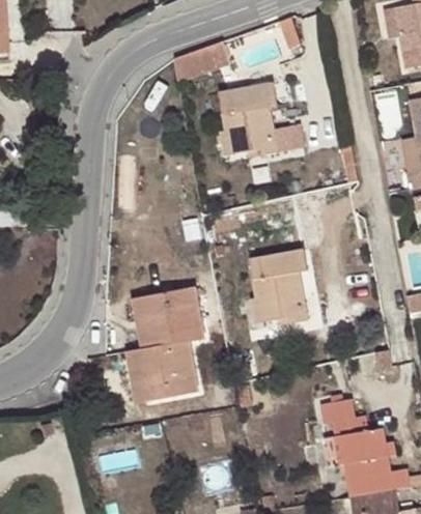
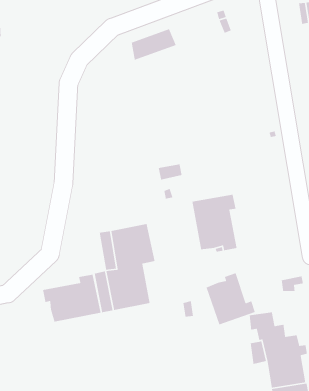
building: [218,83,301,155] -> none
building: none -> [206,272,256,326]
building: none -> [42,274,101,323]

